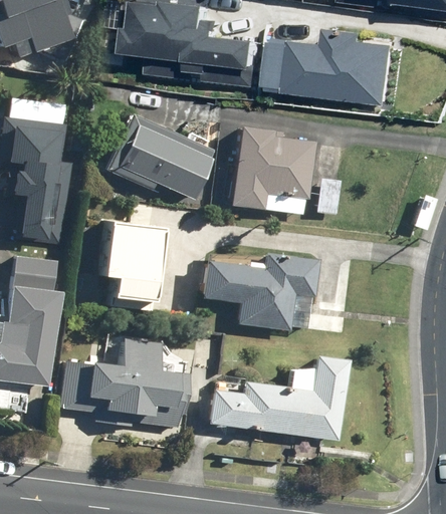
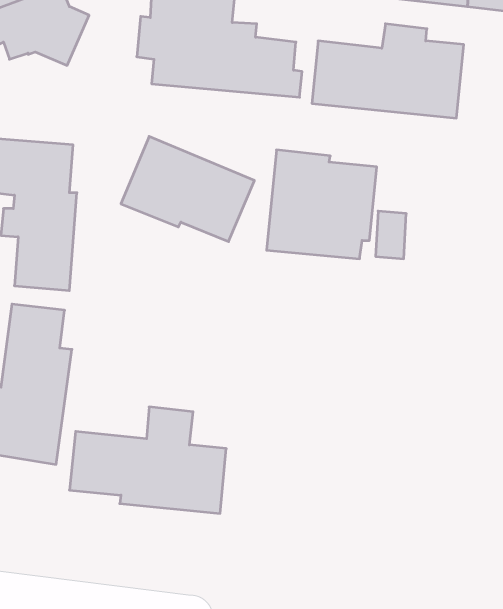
building: [105,218,170,308] -> none
building: [198,256,314,327] -> none
building: [204,355,344,440] -> none

